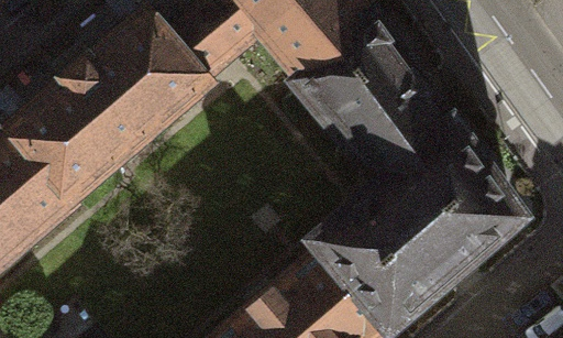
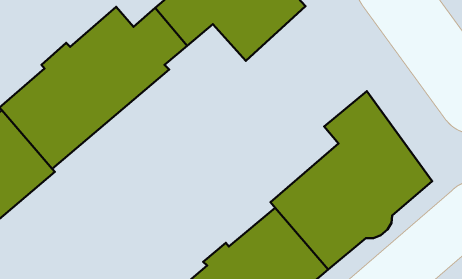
building: [298,8,441,161] -> none

